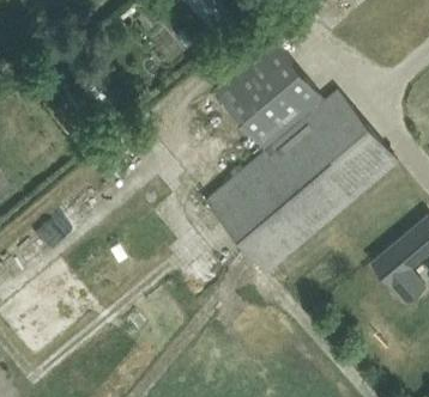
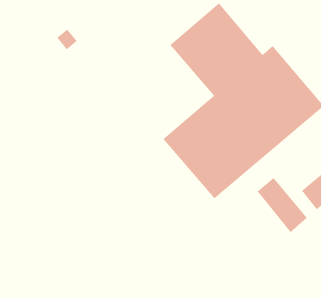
building: none -> [257,177,307,233]

